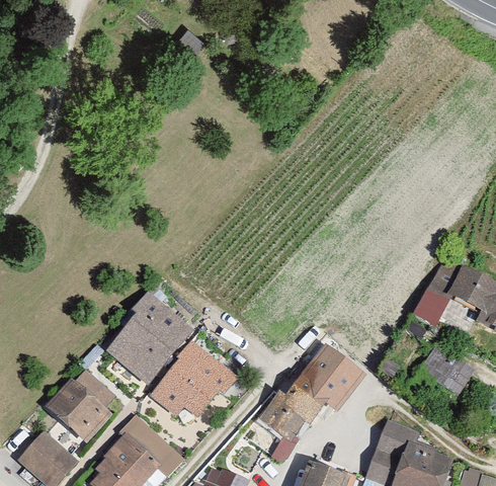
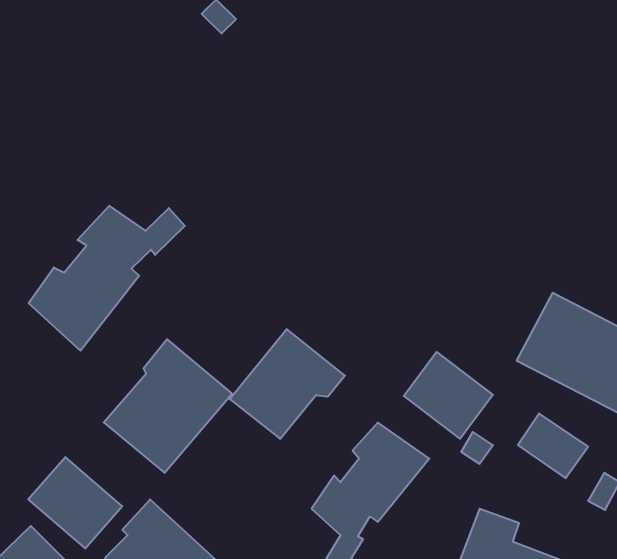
building: none -> [29,206,185,351]
building: none -> [404,352,493,439]
building: [150,343,238,427] -> [230,329,345,439]

